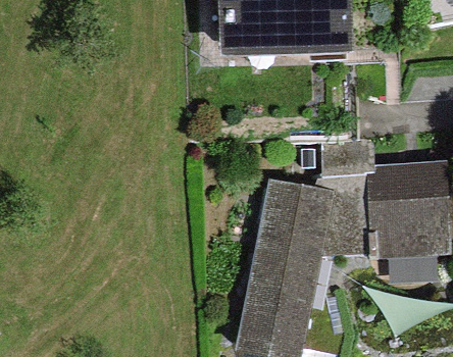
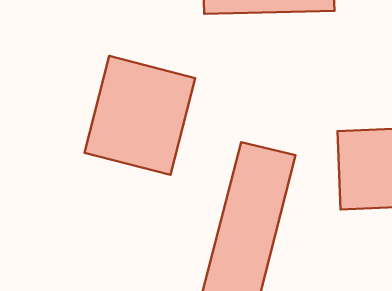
building: none -> [85,56,195,175]

